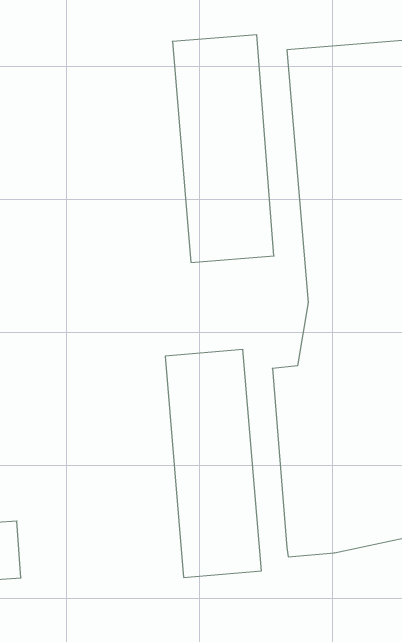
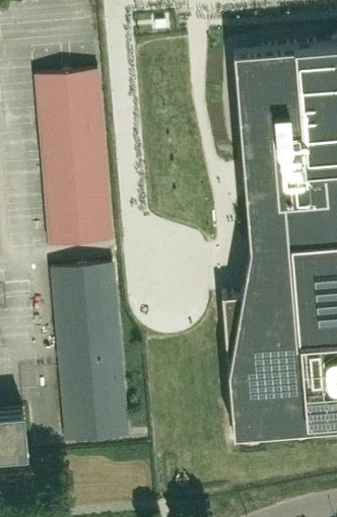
building: [172,35,274,262] -> [35,75,113,250]
building: [165,350,261,577] -> [53,269,127,444]

